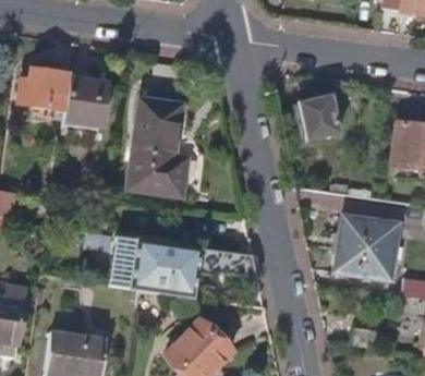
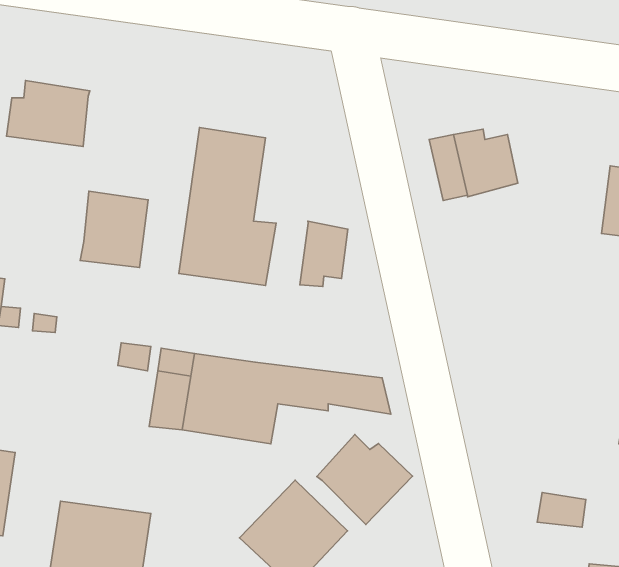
building: [64,77,107,125] -> [80,191,148,268]
building: none -> [300,221,348,287]
building: [335,216,398,279] -> none
building: none -> [317,434,412,524]

